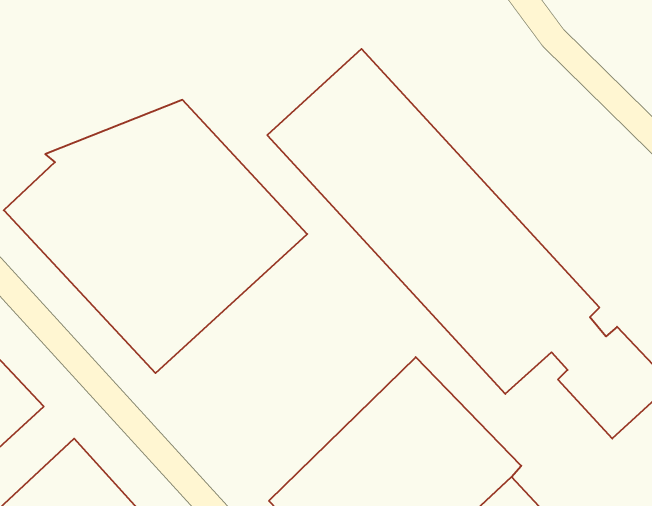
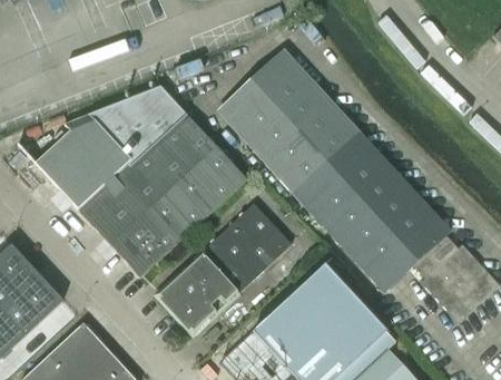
building: none -> [155,203,292,335]

